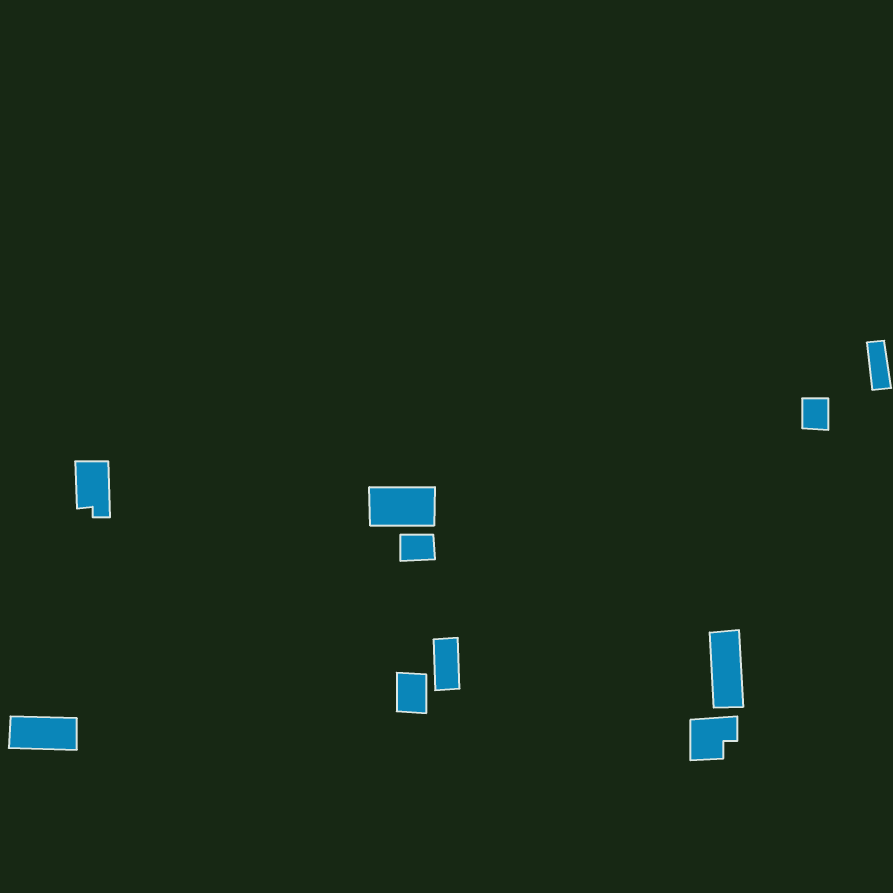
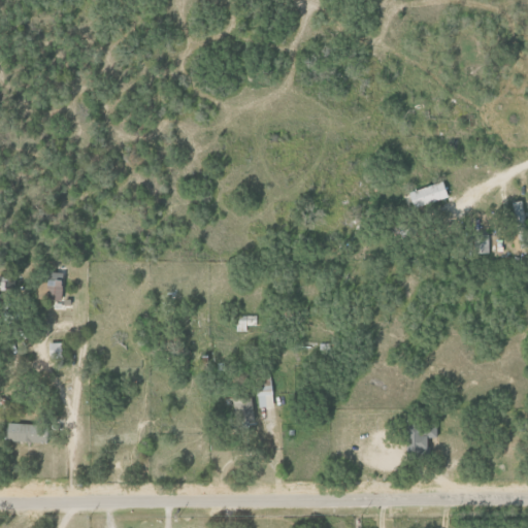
building: none -> [408,184,447,206]
building: [369,487,435,526] -> none
building: [710,630,743,708] -> none

